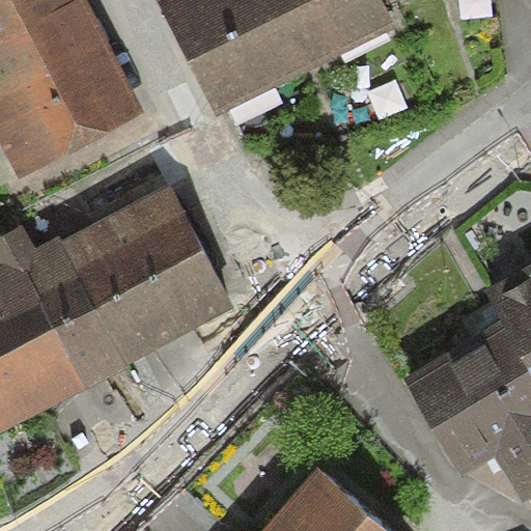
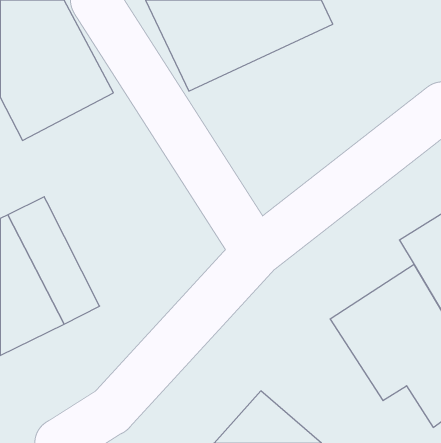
building: [58,179,228,366] -> none

